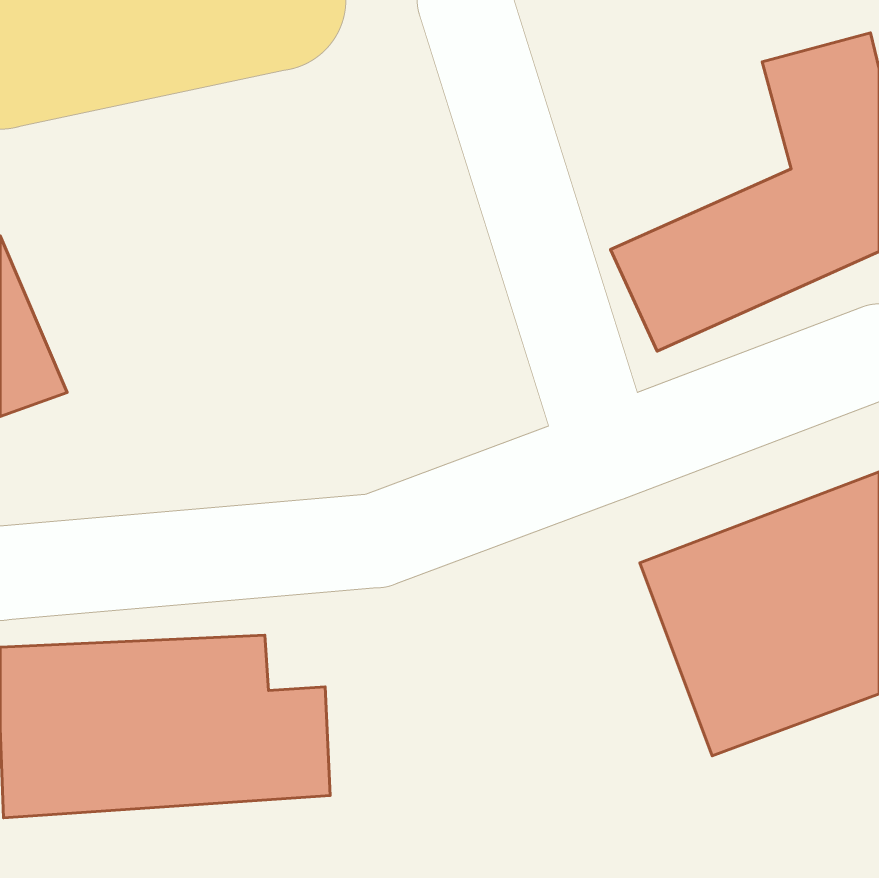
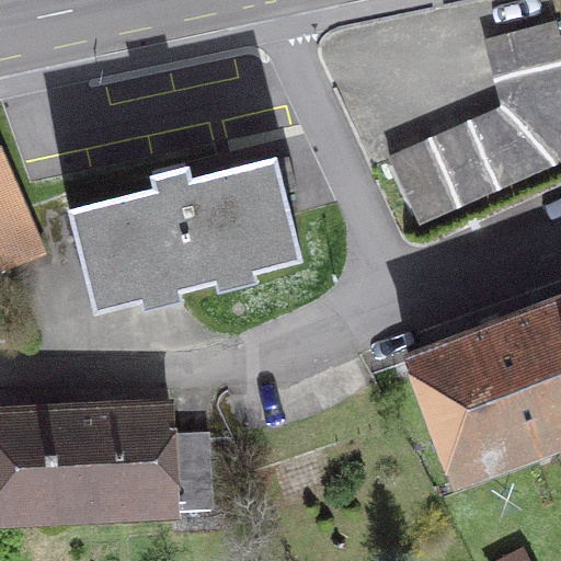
building: none -> [67,158,301,313]

